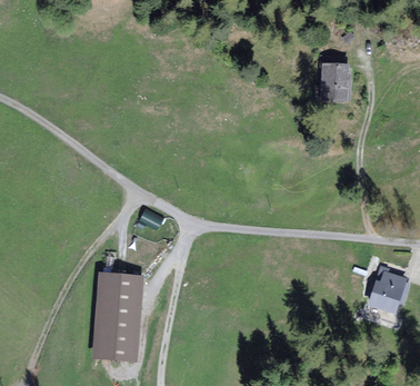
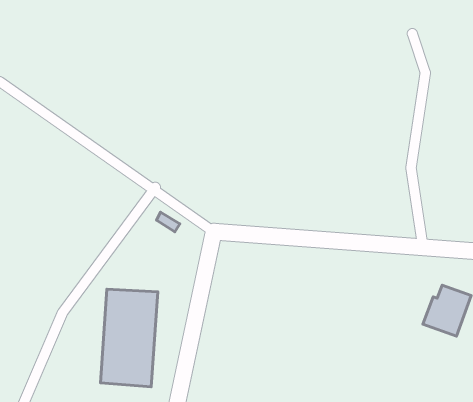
building: [320,62,347,98] -> none

